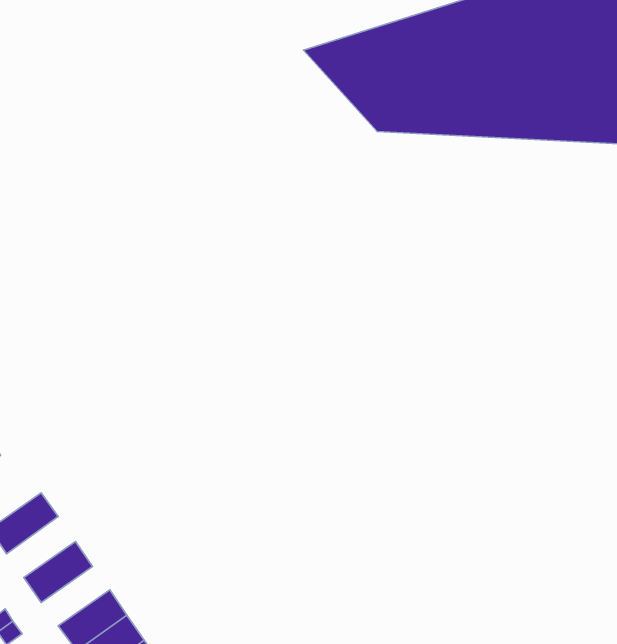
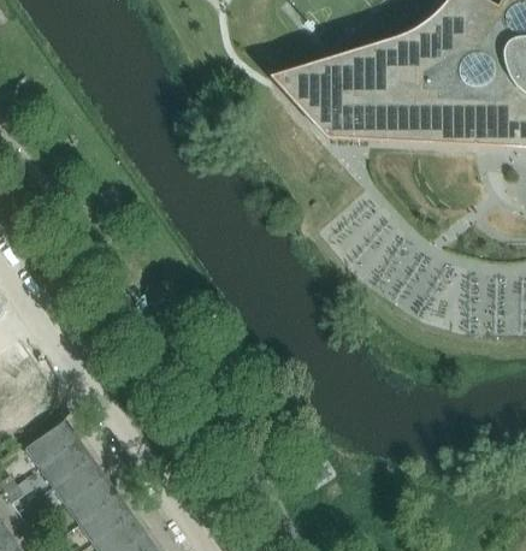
building: none -> [40,437,93,484]
building: none -> [66,475,119,521]

